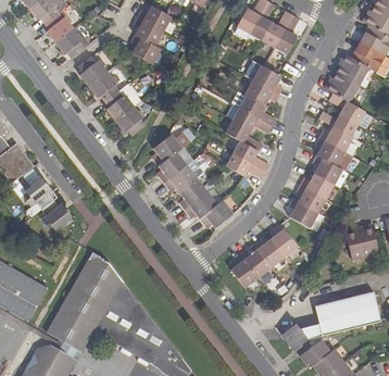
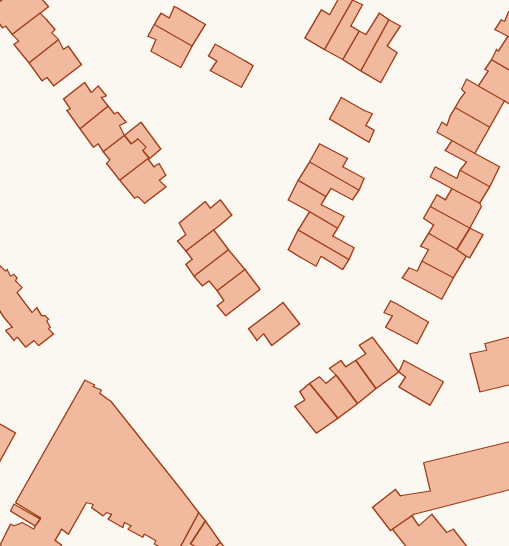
building: [131,35,161,63] -> [208,44,253,87]
building: [244,79,279,105] -> none
building: [298,184,327,213] -> [399,360,443,405]
building: [185,191,217,217] -> none

